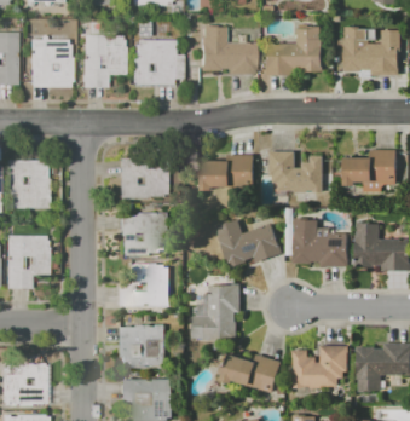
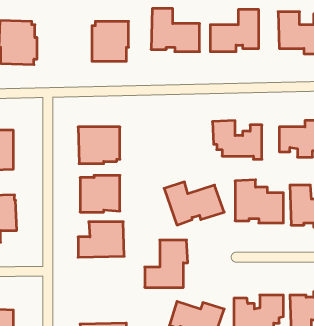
building: [82,35,123,88] -> none
building: [201,155,254,191] -> none
building: [122,325,166,365] -> none

